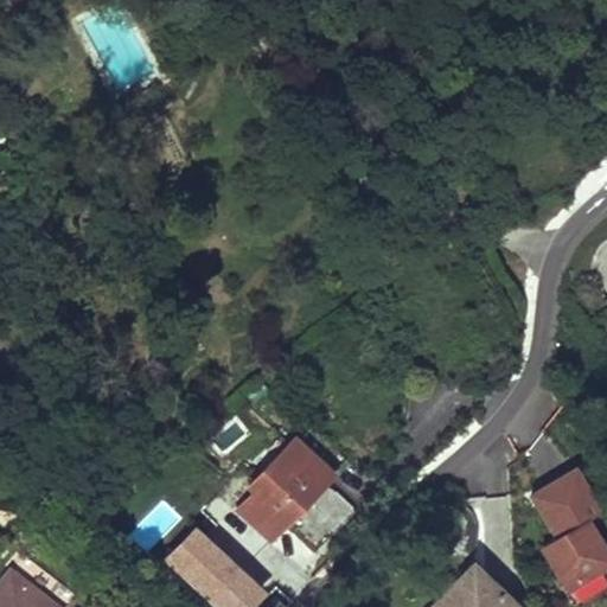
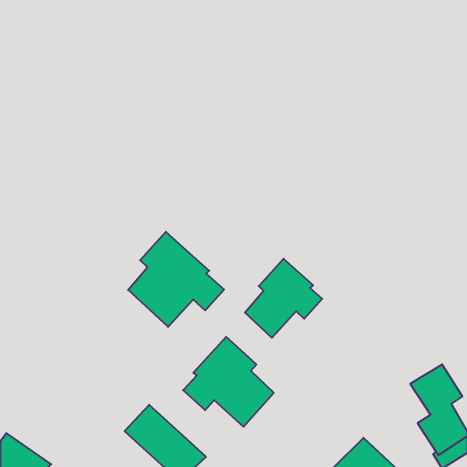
building: none -> [128,232,224,327]
building: none -> [245,259,322,338]

